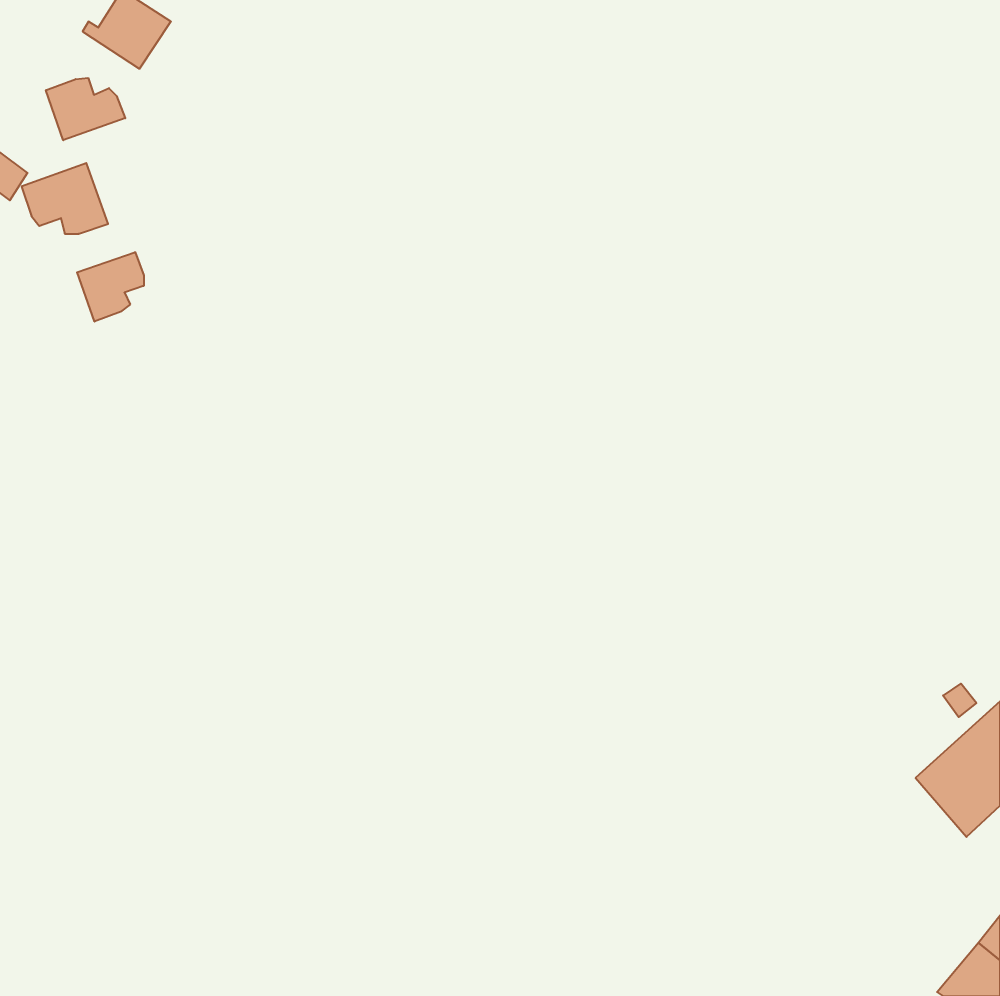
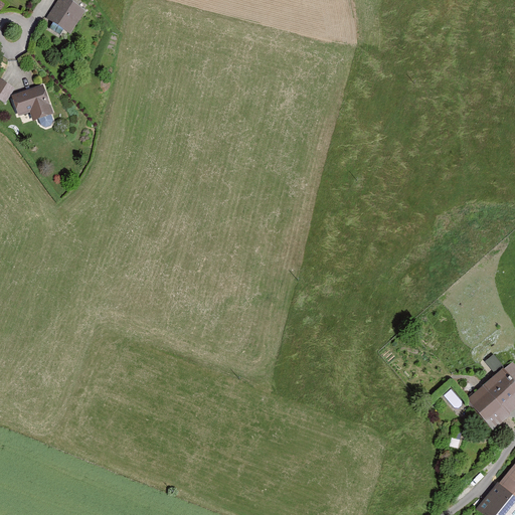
building: [46,78,125,140] -> none
building: [77,252,144,322] -> none

